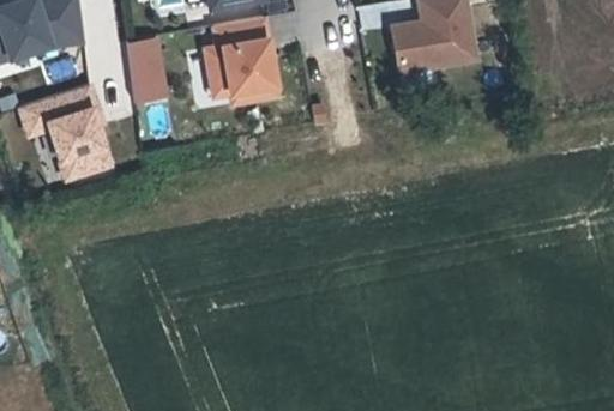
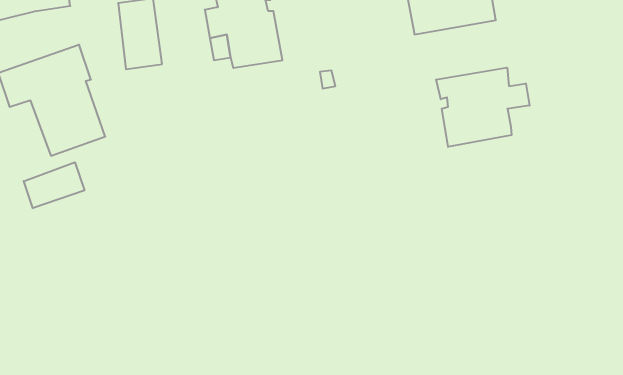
building: none -> [436,68,530,147]
building: none -> [24,162,84,208]

